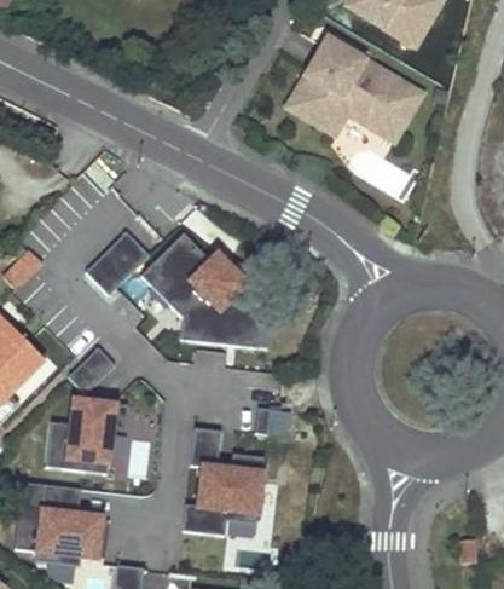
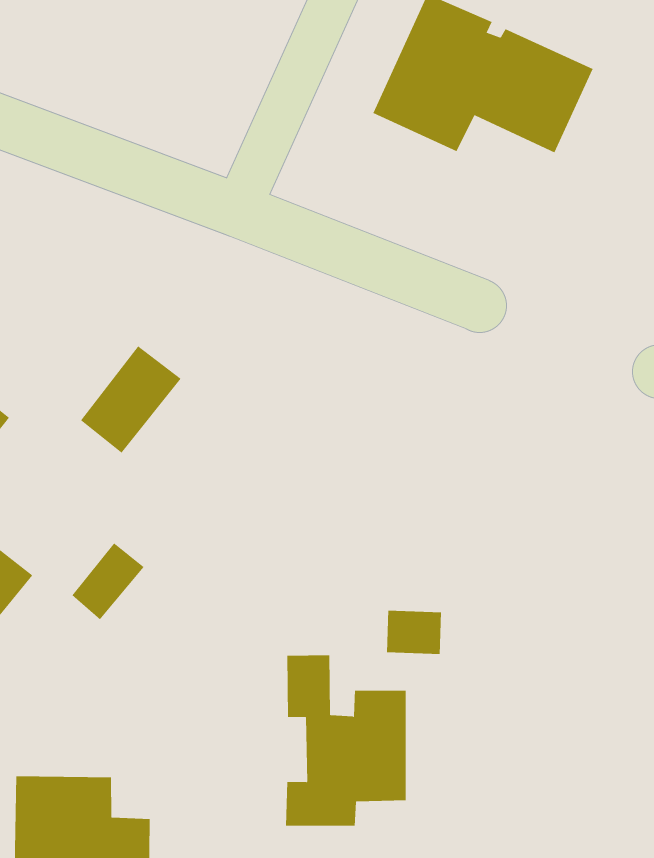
building: [140,232,260,347] -> none
building: [46,399,128,473] -> none

